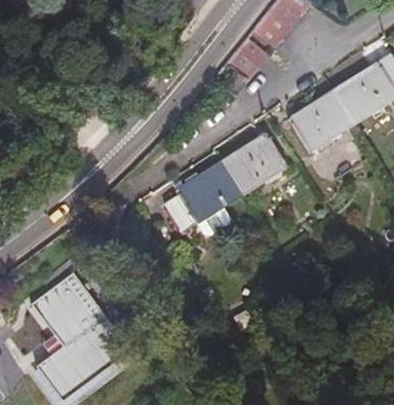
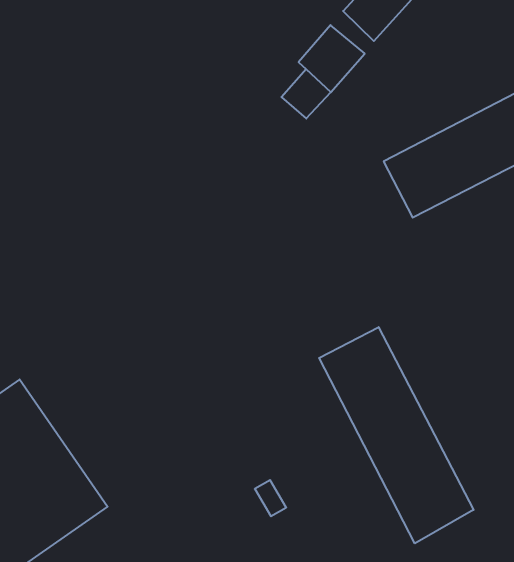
building: [164,131,288,236] -> none
building: none -> [319,327,474,543]

